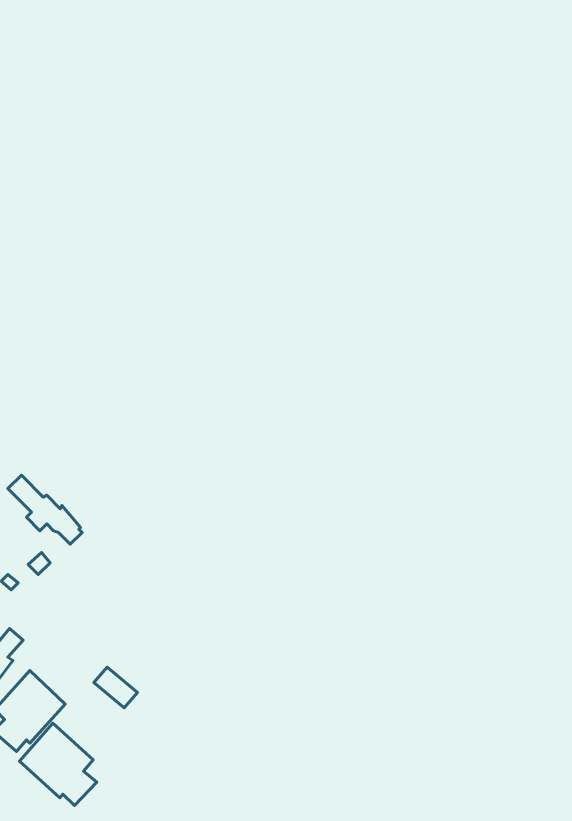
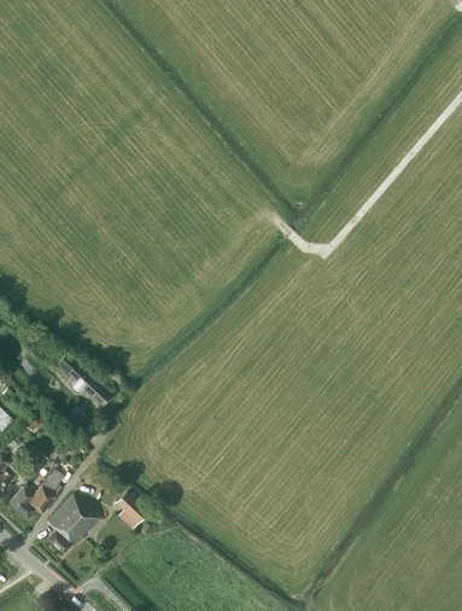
building: [20,723,97,805] -> none

